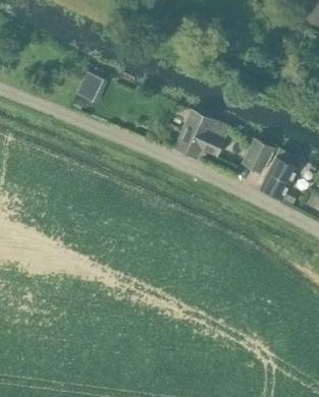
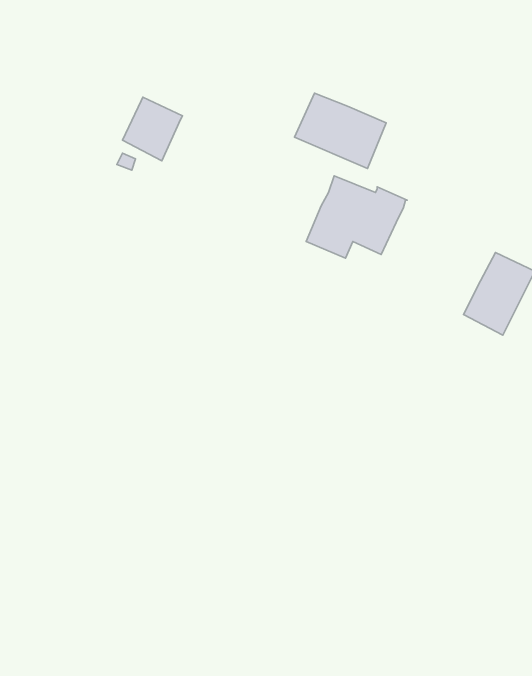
building: none -> [295,93,386,169]
building: [241,137,273,173] -> none

